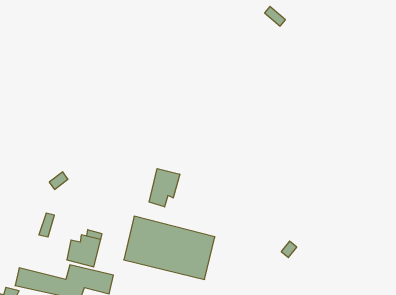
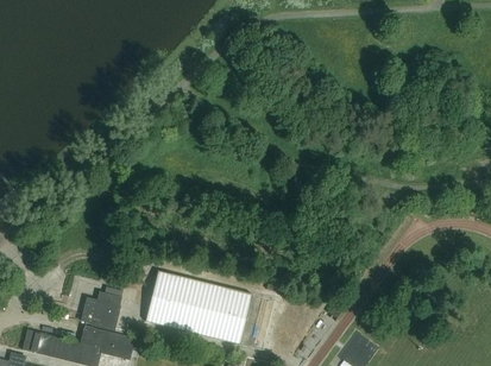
building: [149,169,180,207] -> none

